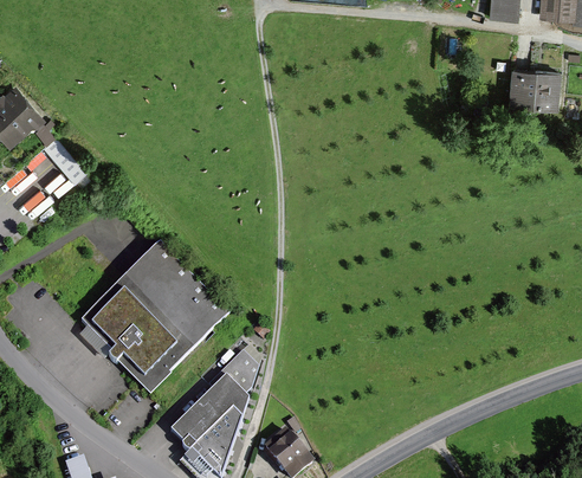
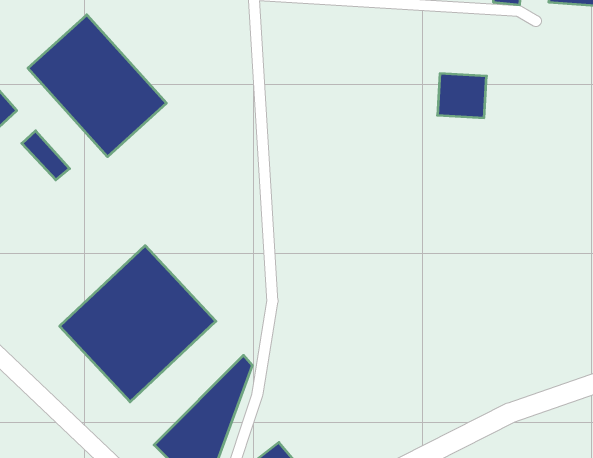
building: none -> [28,15,166,157]
building: [507,70,554,111] -> [437,74,487,118]

